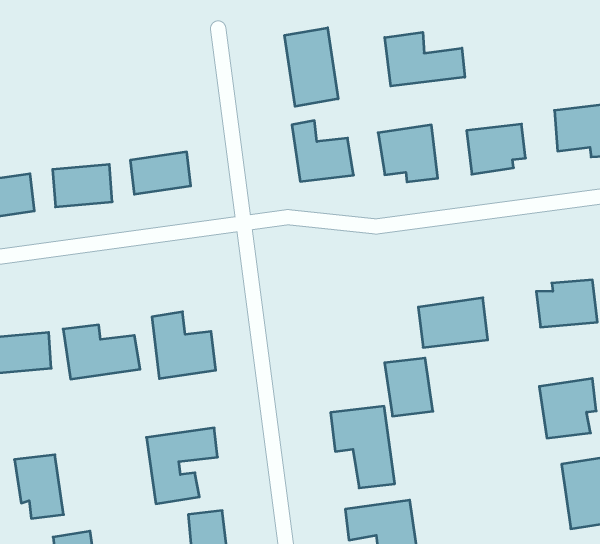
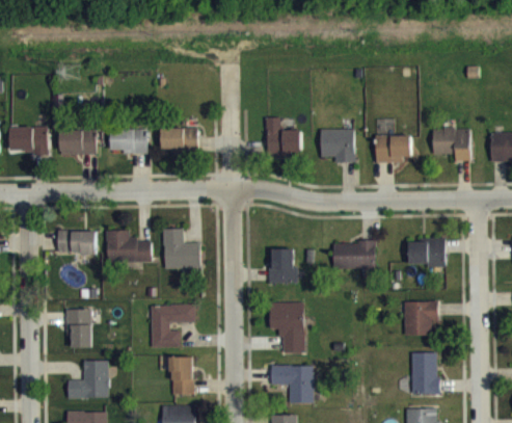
building: [285,28,338,106] -> none
building: [385,32,465,86] -> none
building: [385,358,433,416] -> [268,248,295,283]

